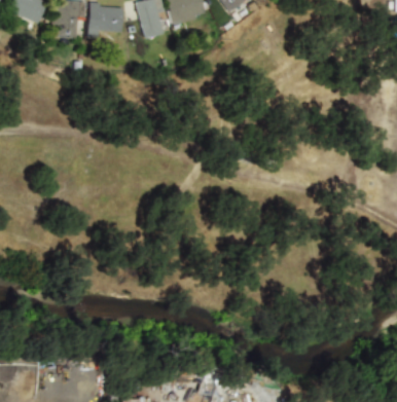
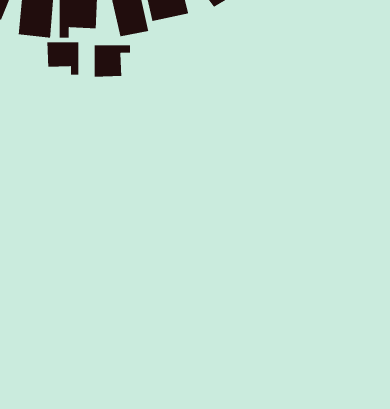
building: none -> [47,41,79,75]
building: none -> [94,44,131,78]

